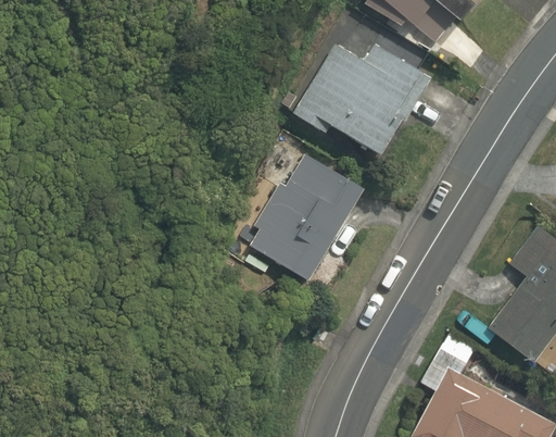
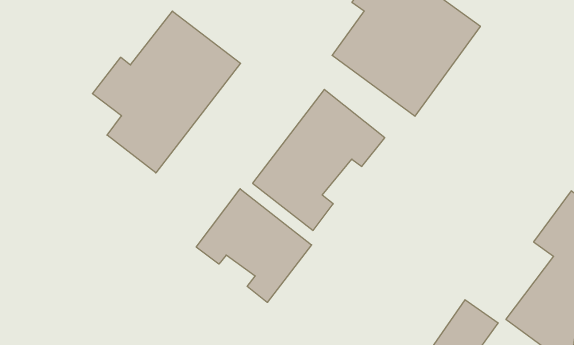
building: none -> [92,11,241,173]
building: none -> [196,189,312,302]

